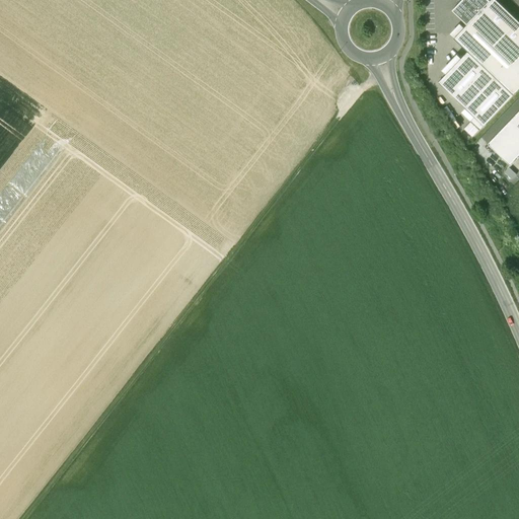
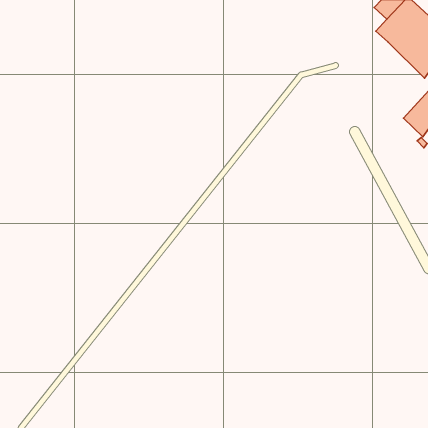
building: [440,51,514,137] -> none

